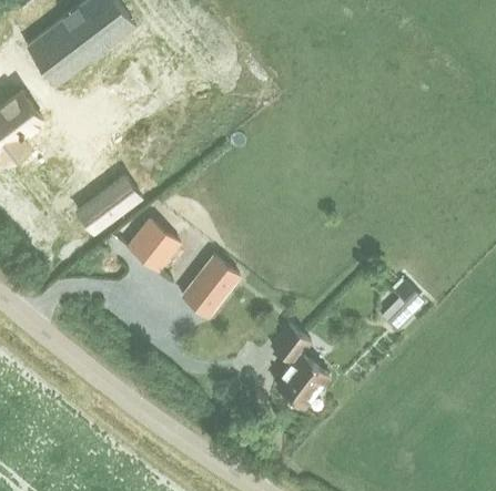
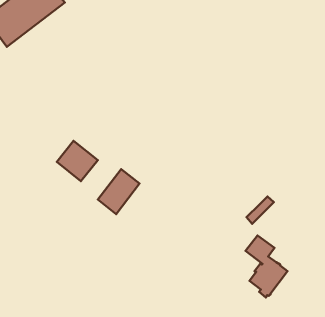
building: [77,181,134,233] -> none
building: [270,325,327,410] -> [246,236,287,298]

